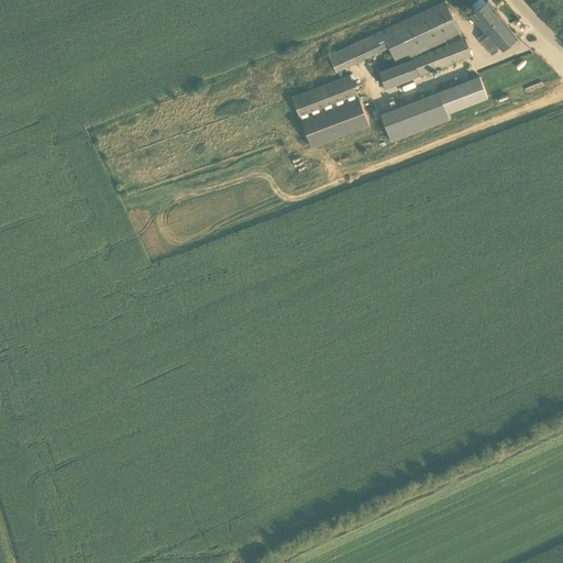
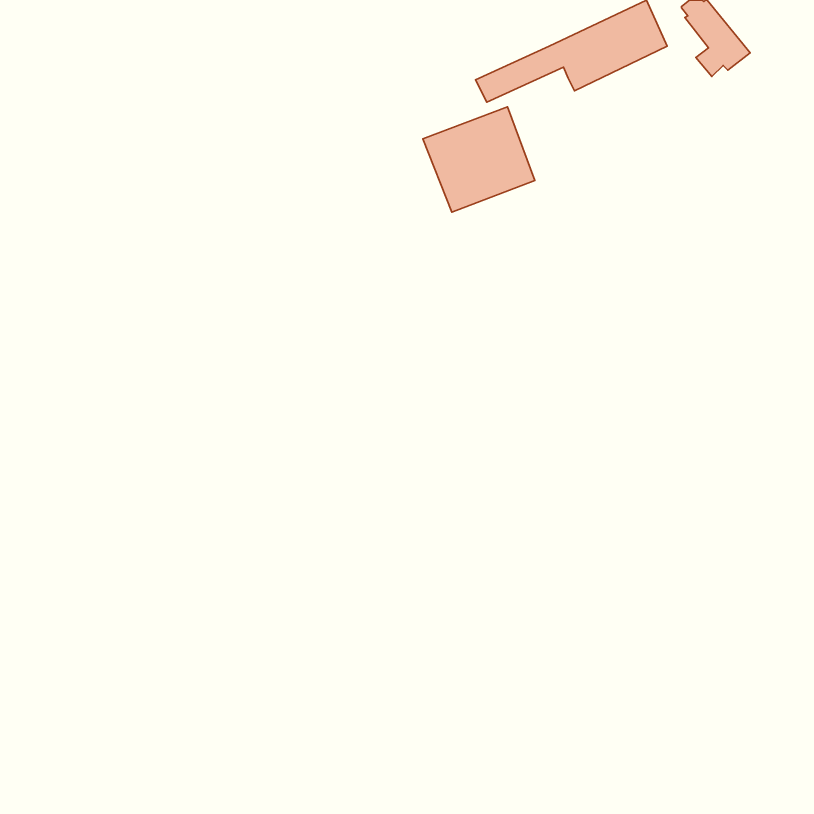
building: [377,38,471,90] -> none
building: [380,77,487,141] -> none

